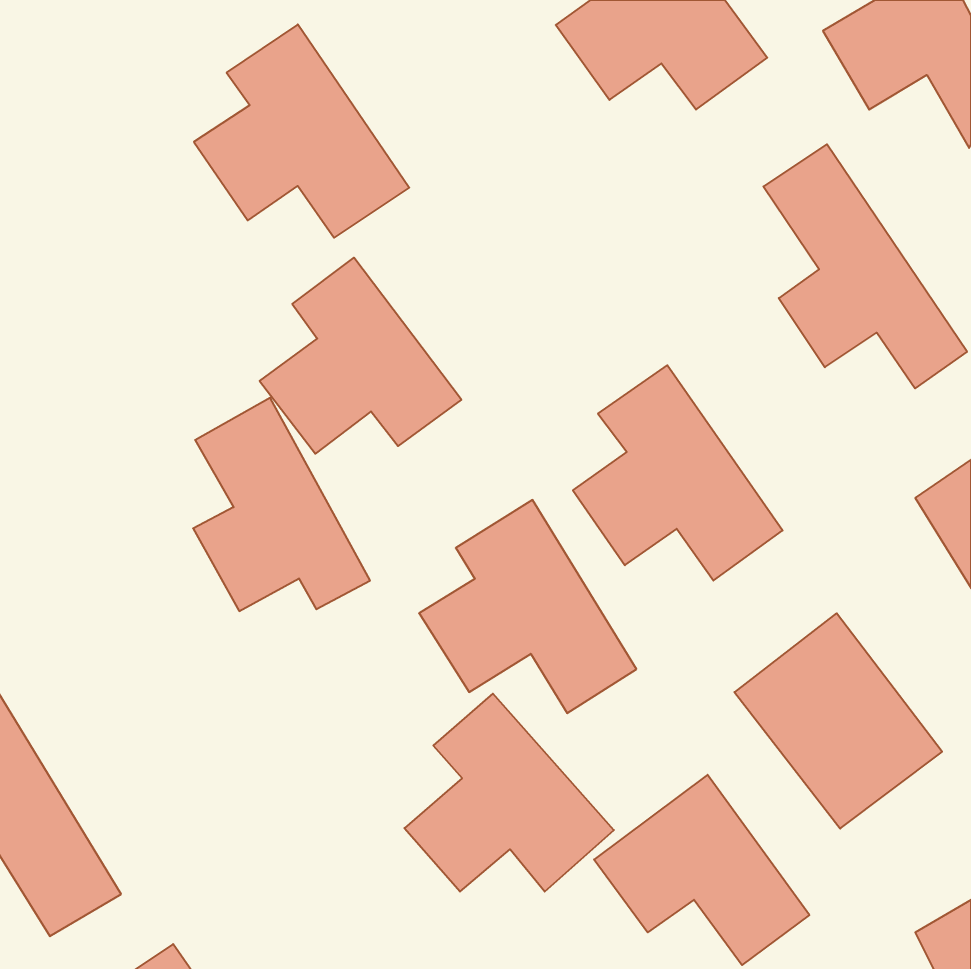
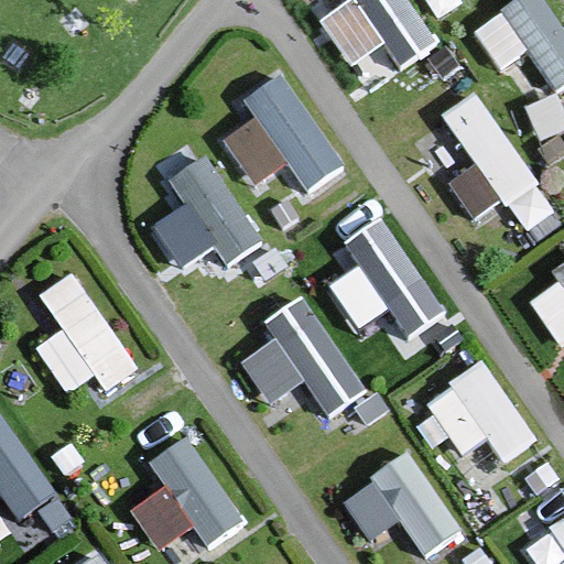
building: [194,24,409,238] -> [221,72,345,194]
building: [193,398,370,611] -> [34,270,135,392]
building: [404,694,614,892] -> [129,434,249,547]

